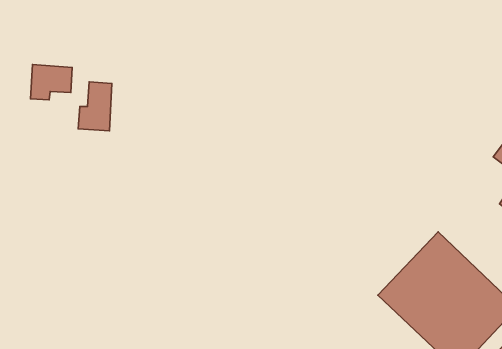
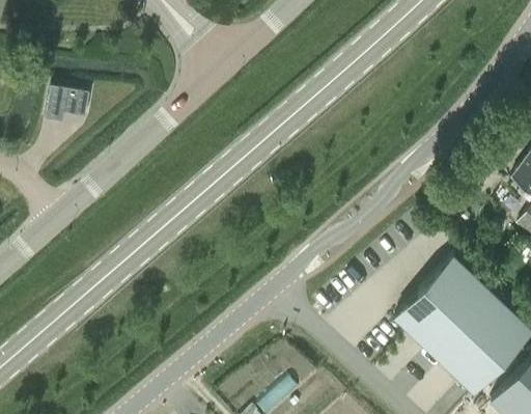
building: [78,82,112,131] -> none

